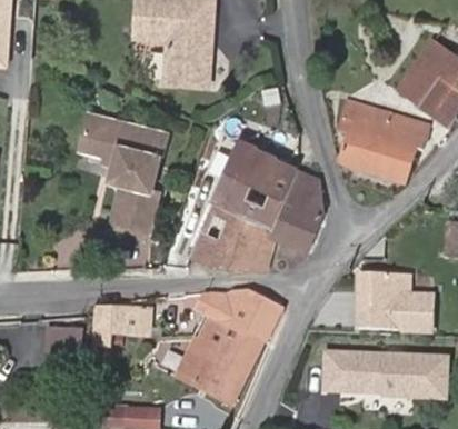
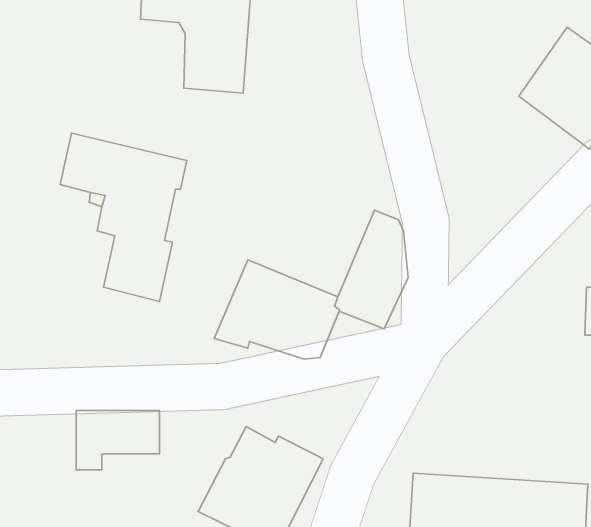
building: [337,100,428,181] -> none
building: [211,139,299,228] -> none
building: [357,273,430,331] -> none
building: [203,290,280,340] -> none

